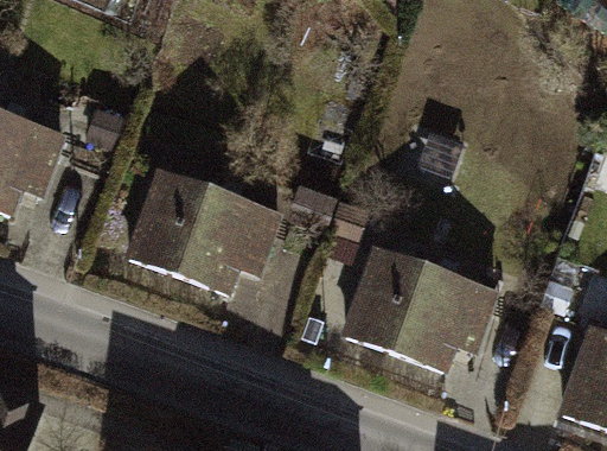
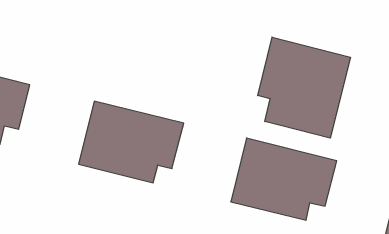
building: none -> [258,37,350,138]

